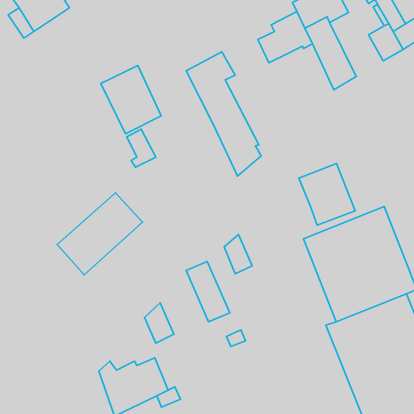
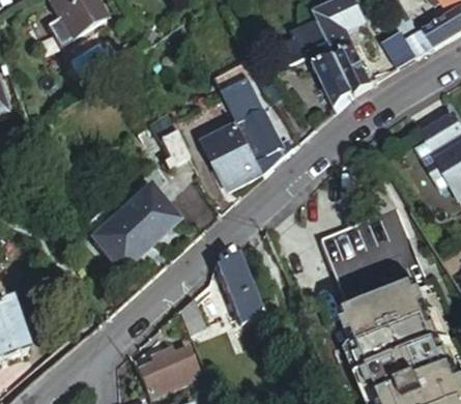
building: none -> [309,52,350,109]
building: [101,65,161,134] -> [204,125,260,189]
building: [299,164,355,225] -> none

